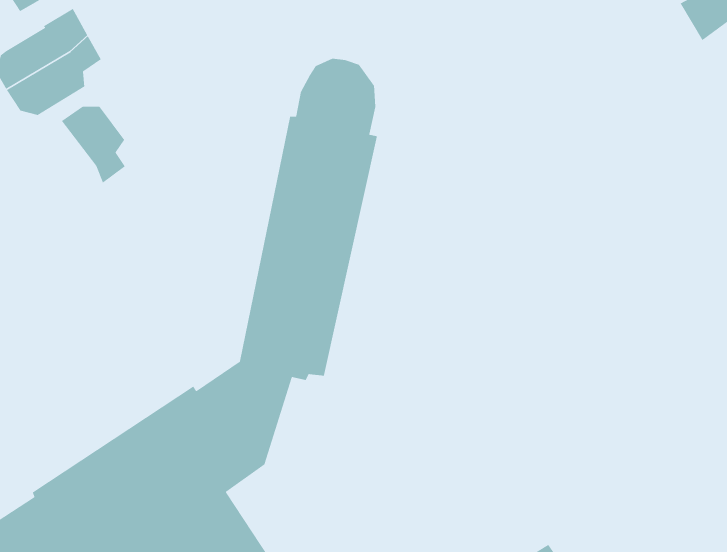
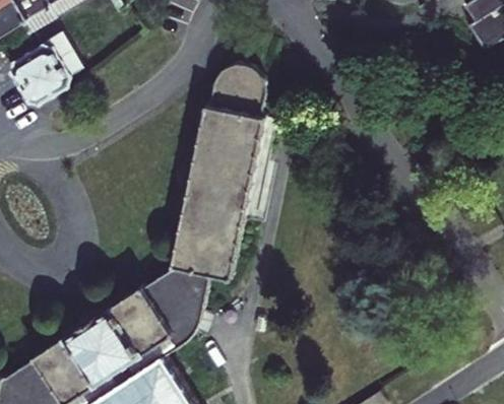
building: [61,106,126,184] -> none

